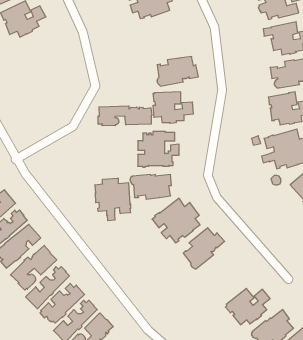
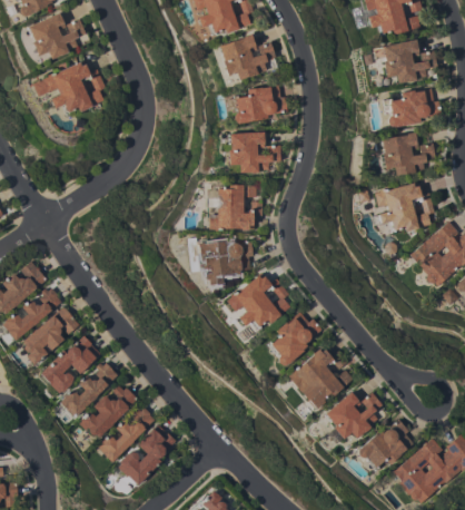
building: none -> [218,35,276,80]
building: none -> [33,60,106,116]
building: [98,106,152,126] -> none
building: [95,178,131,221] -> none
building: none -> [288,346,354,411]

